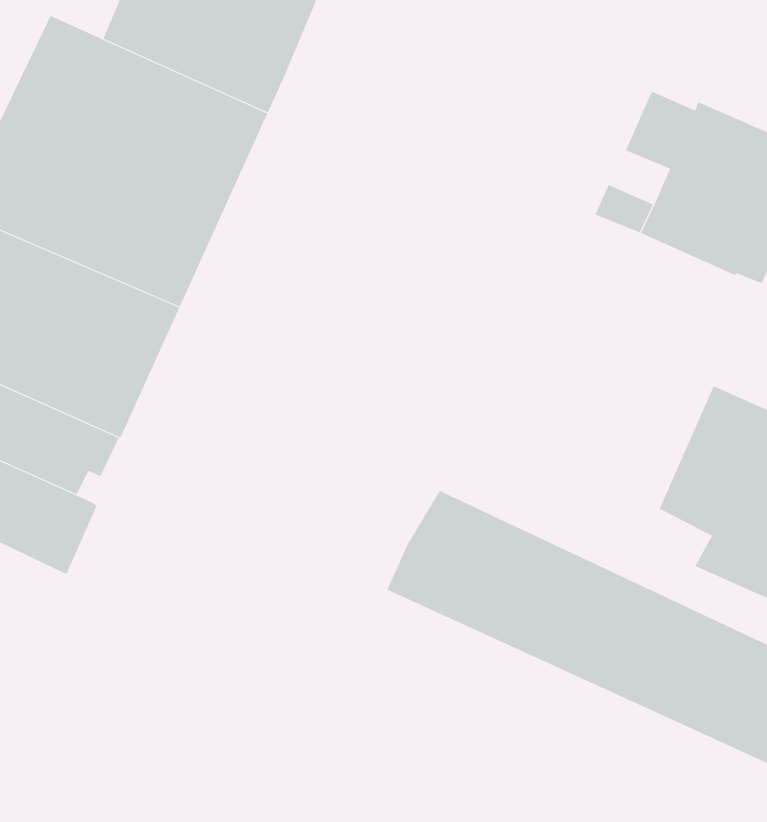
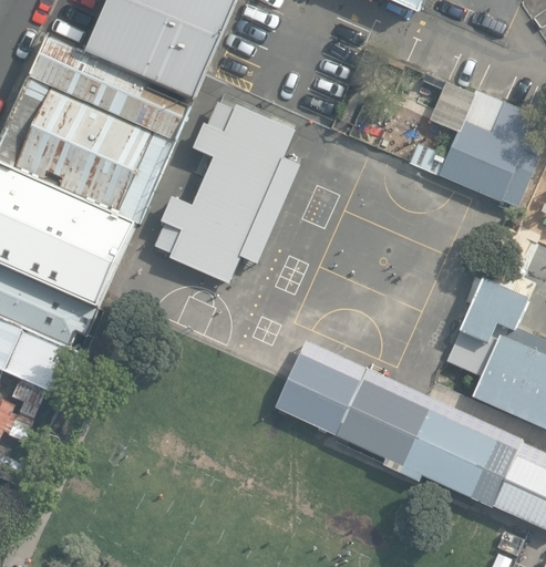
building: none -> [154,102,300,285]

